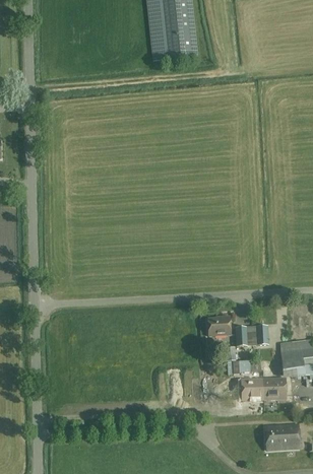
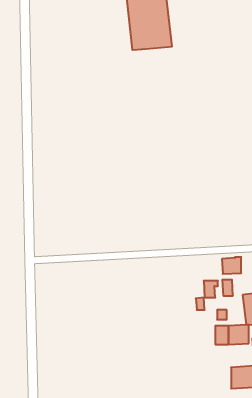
building: [207,316,230,335] -> [222,257,241,274]

